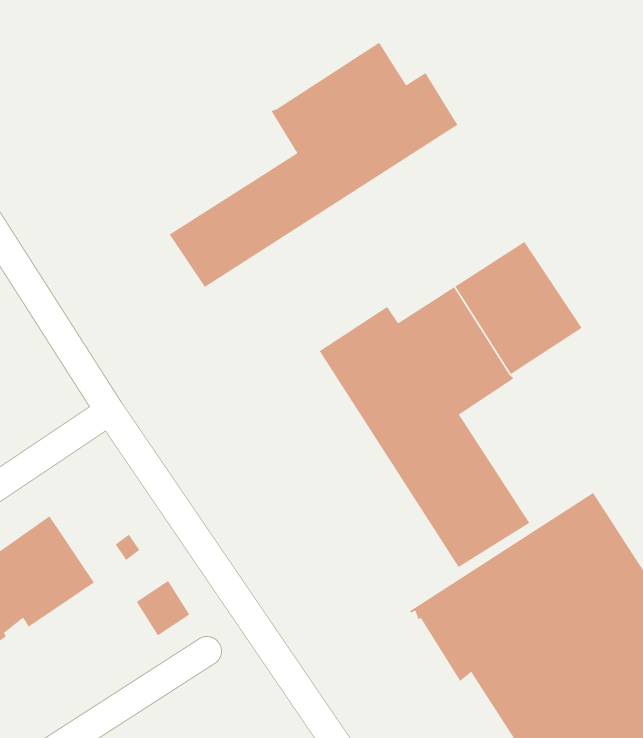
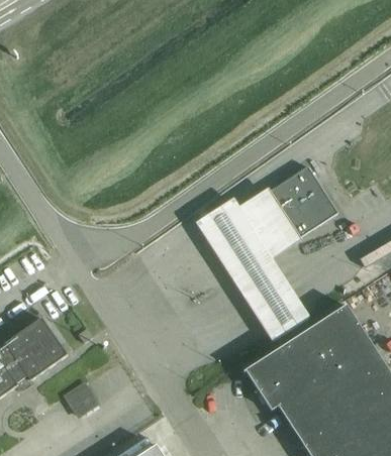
building: [169,42,458,288] -> none
building: [136,580,190,636] -> [67,382,97,414]

